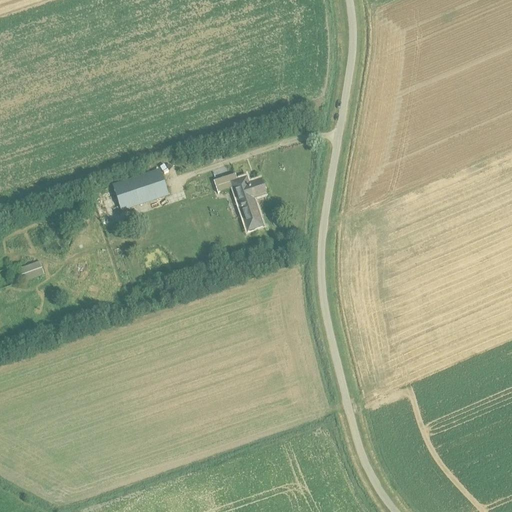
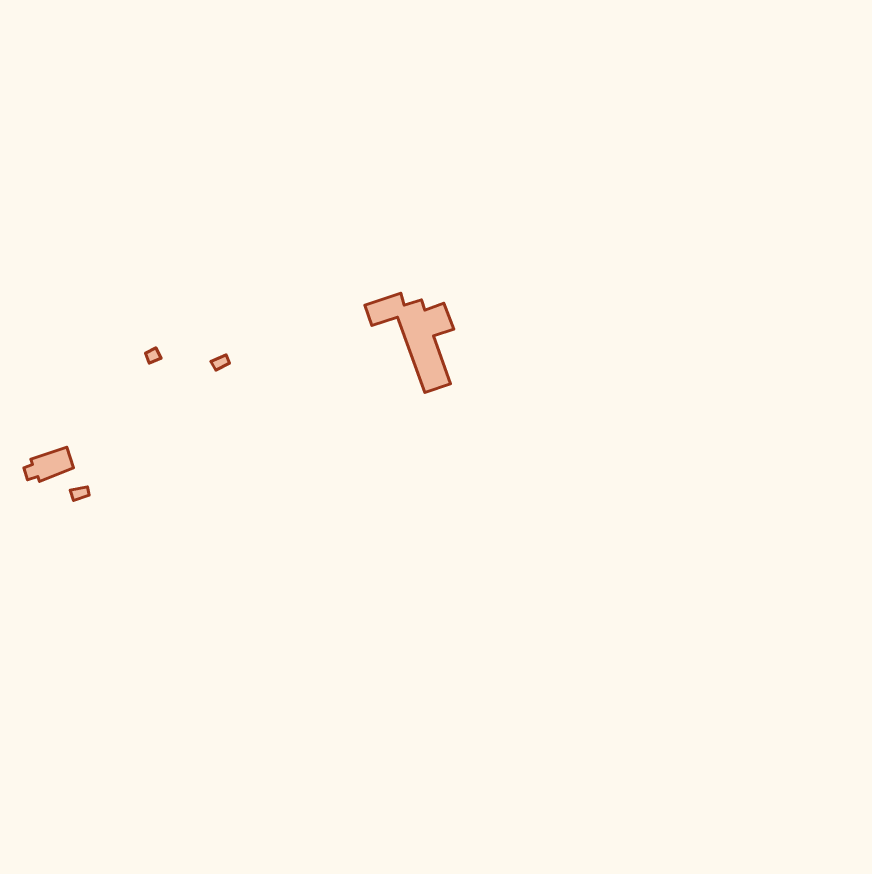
building: [113,172,166,207] -> none

